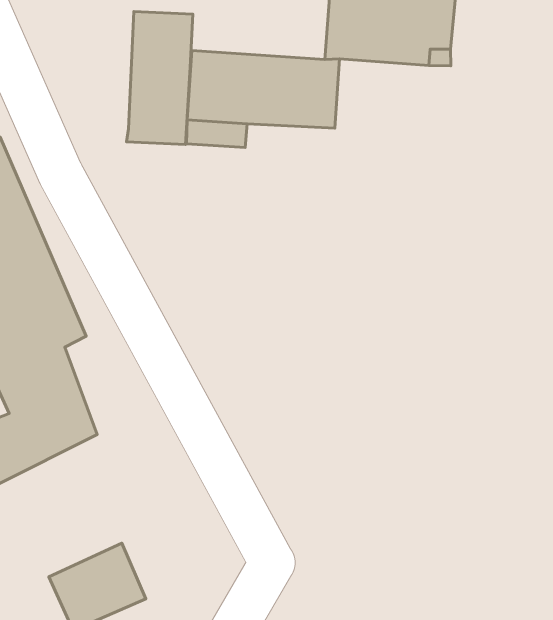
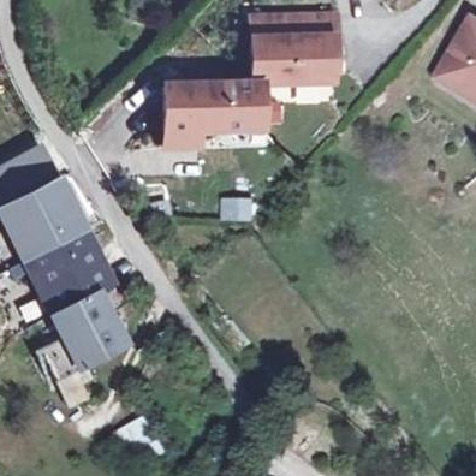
building: [127,12,193,144] -> none

